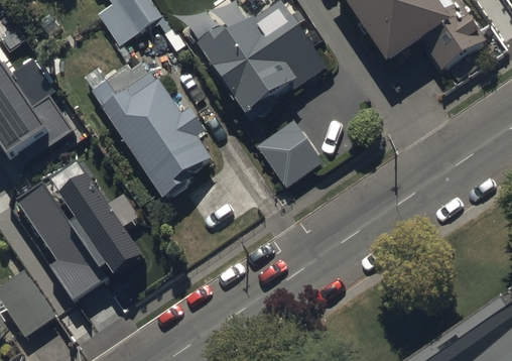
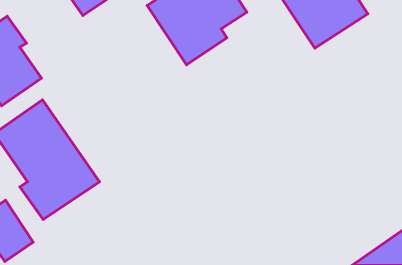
building: [92,61,220,210] -> none
building: [253,112,317,175] -> none

